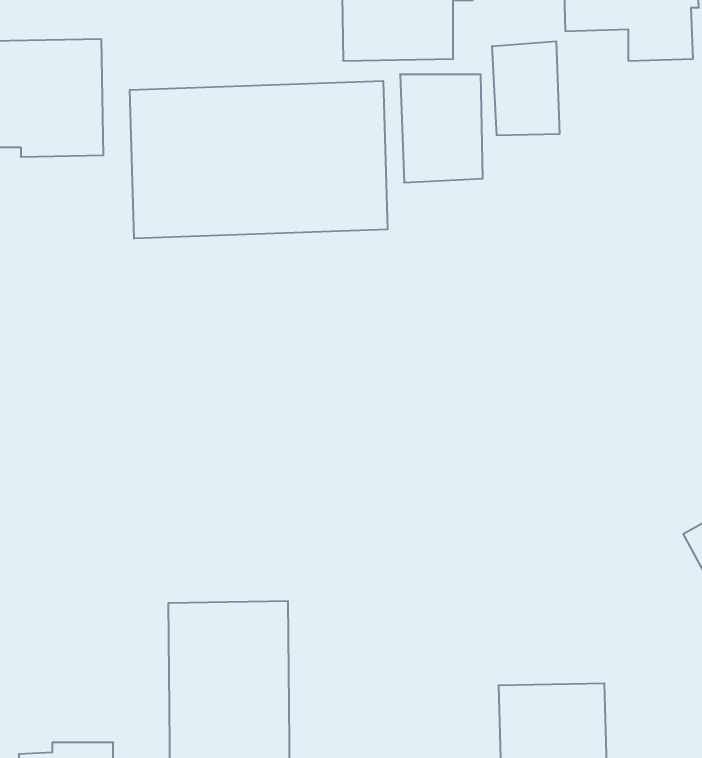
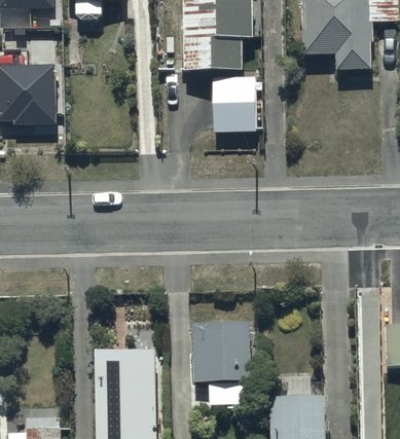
building: [492,41,560,135] -> none
building: [130,81,387,239] -> none
building: none -> [189,322,248,403]

